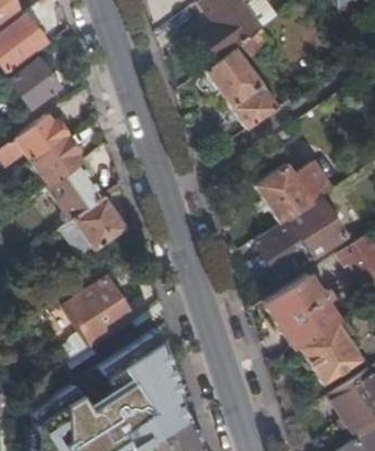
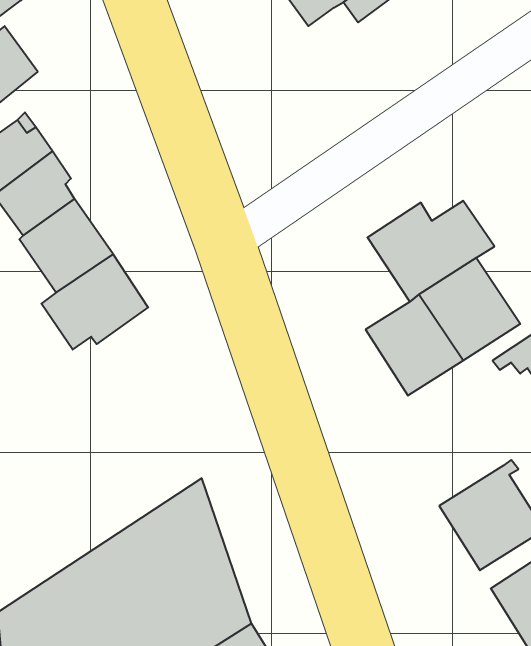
building: [198,48,282,131] -> none
building: [264,275,338,350] -> none
building: [53,276,134,361] -> none

